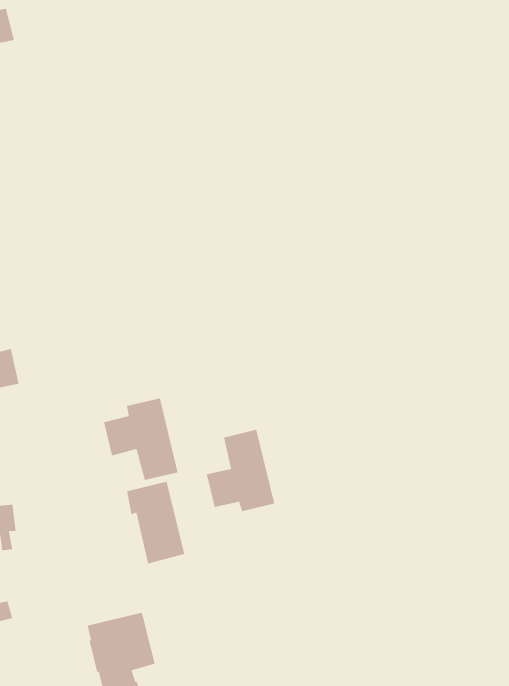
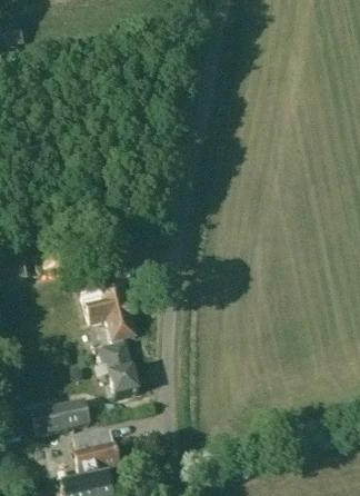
building: [206,429,275,512] -> none
building: none -> [22,398,89,431]

